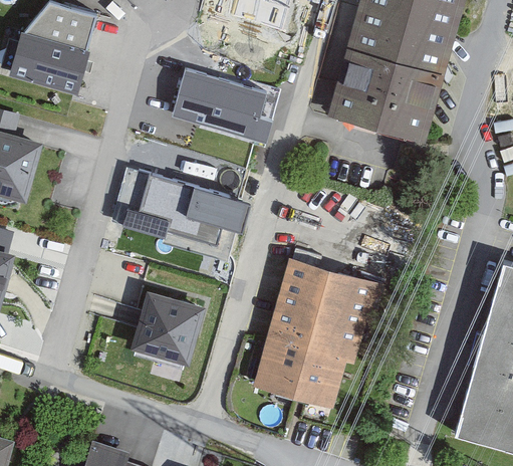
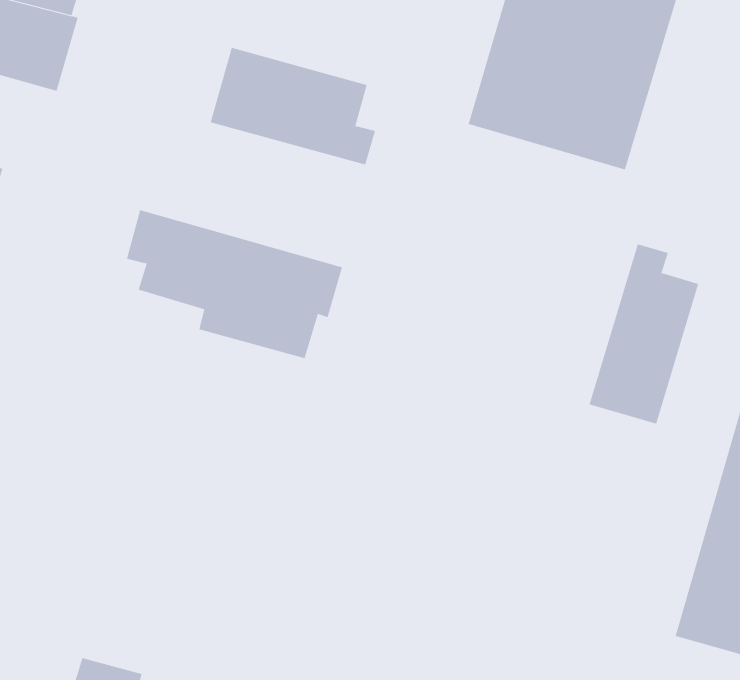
building: none -> [589,243,699,425]
building: [263,259,378,410] -> none
building: [119,283,199,361] -> none

